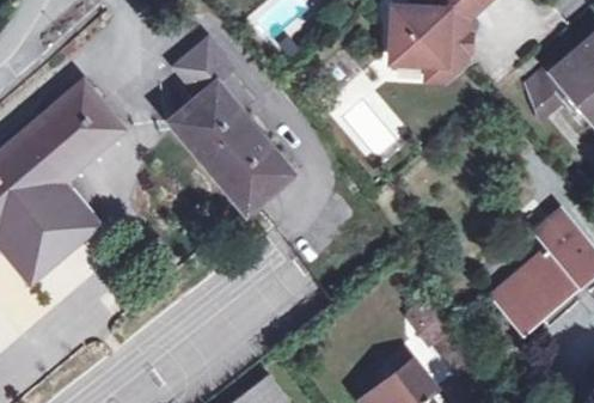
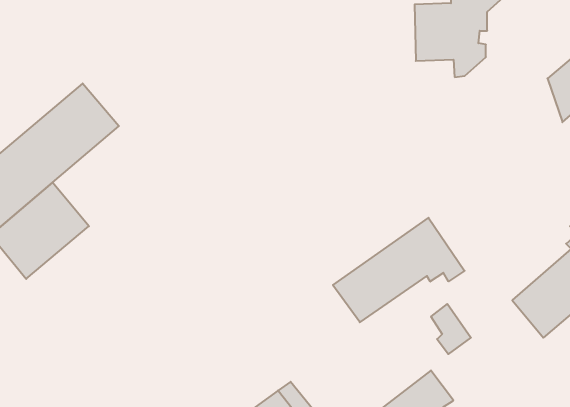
building: [176,43,289,206] -> none
building: none -> [333,218,465,322]

